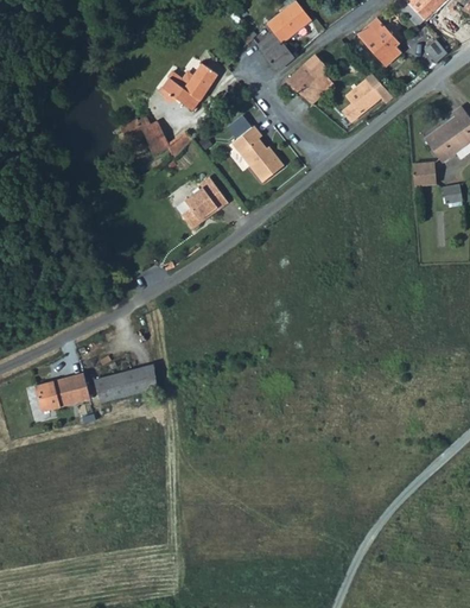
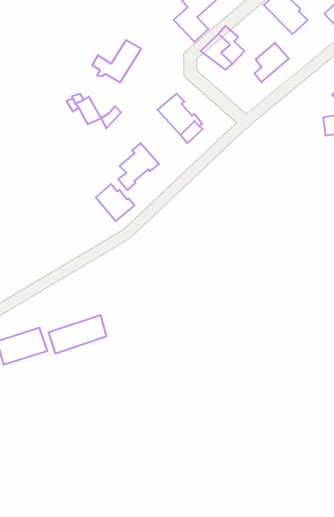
building: none -> [96,184,134,221]

